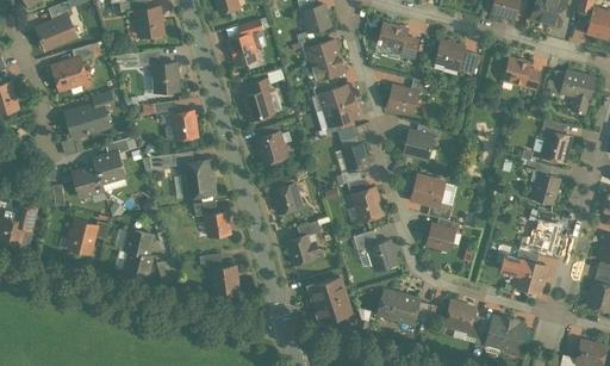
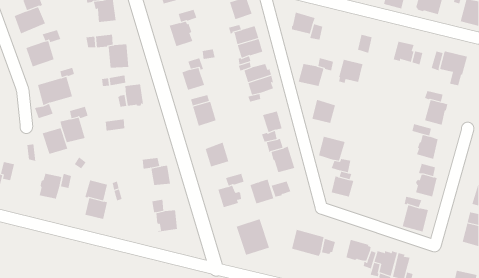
building: [434,41,465,70] -> [338,59,364,84]
building: [181,160,214,197] -> none
building: [367,240,397,271] -> [250,179,274,204]

